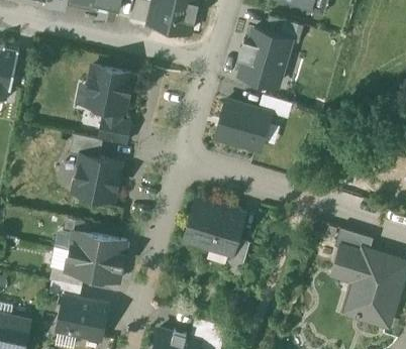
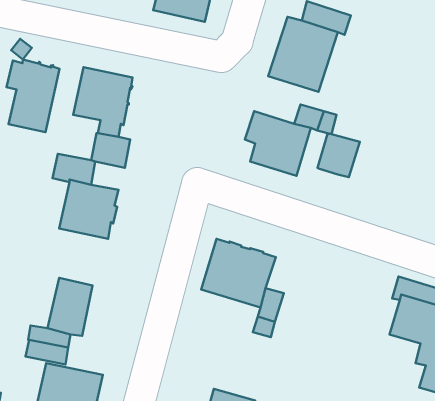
building: none -> [7,59,59,132]
building: none -> [317,134,360,177]
building: [92,238,126,283] -> none

